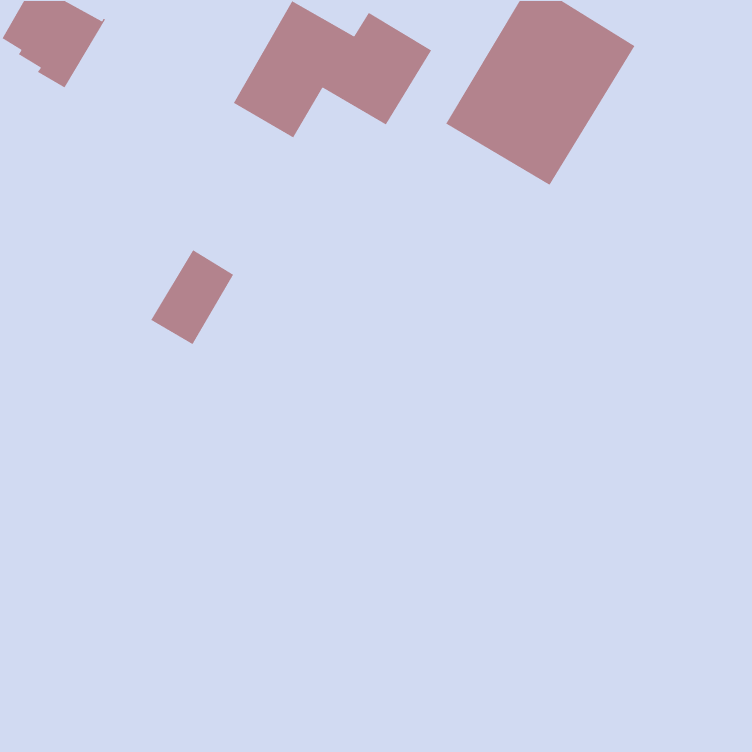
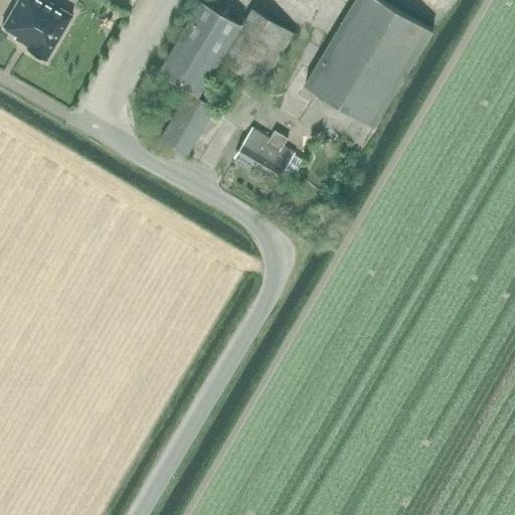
building: none -> [233,128,296,185]
building: [150,249,234,345] -> [159,92,216,157]

